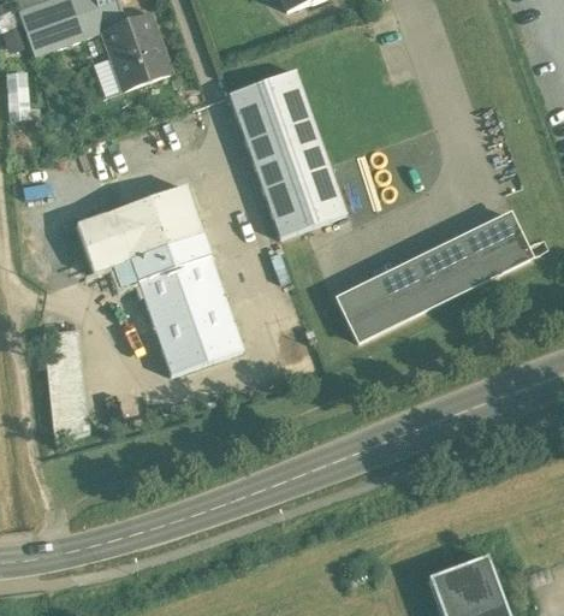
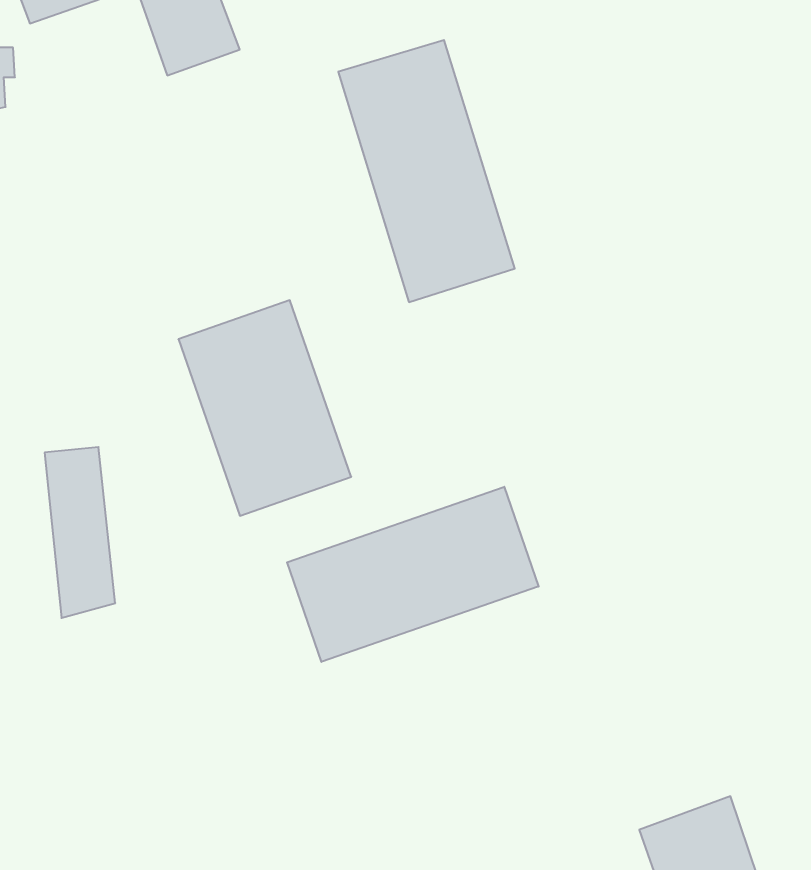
building: [75,185,201,273] -> none
building: [336,213,529,340] -> none
building: none -> [287,487,539,662]

